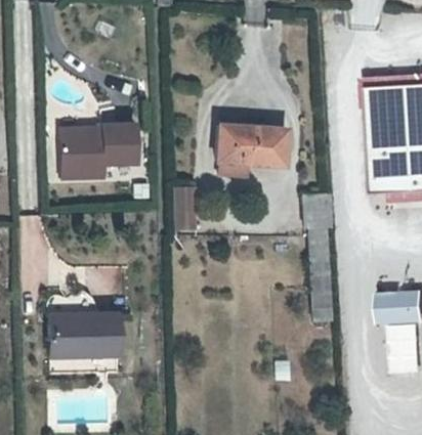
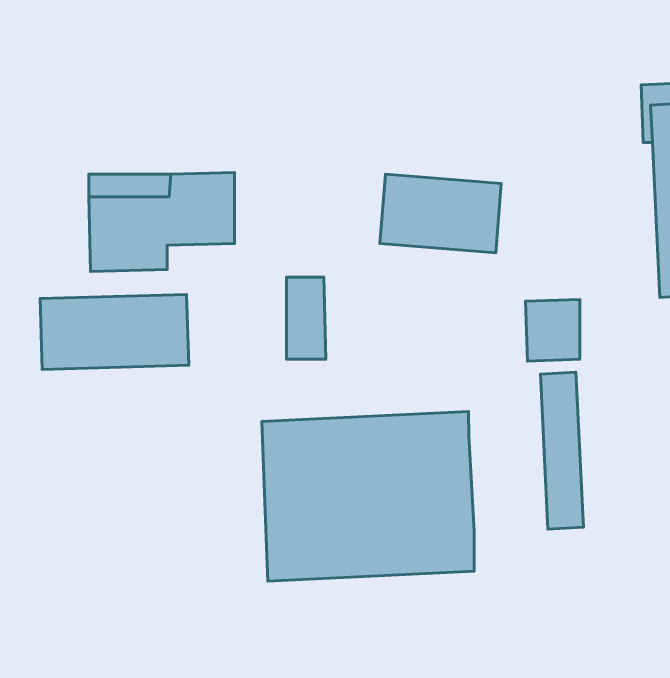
building: none -> [40,294,189,370]
building: none -> [262,412,474,581]
building: [50,314,125,374] -> none

